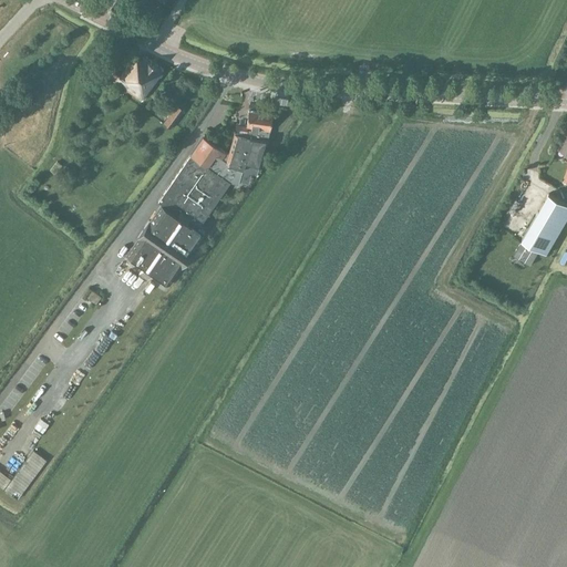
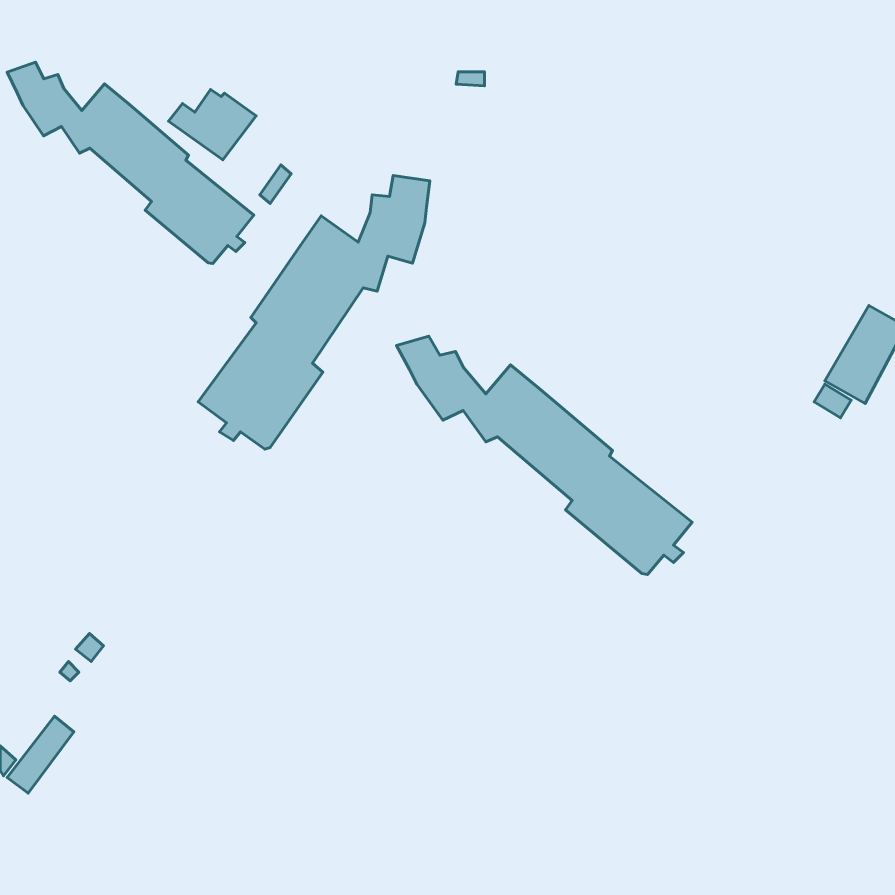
building: none -> [7,62,254,263]
building: none -> [397,336,692,574]

